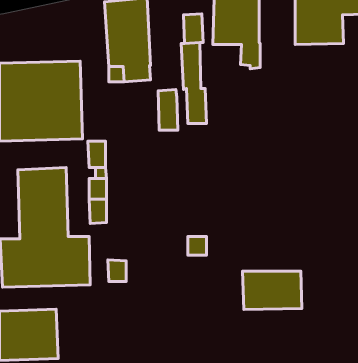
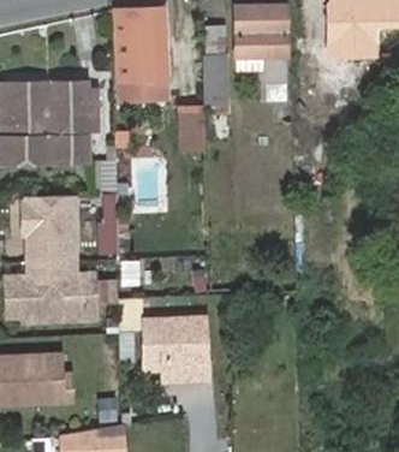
building: [243,271,302,310] -> [145,319,210,361]

